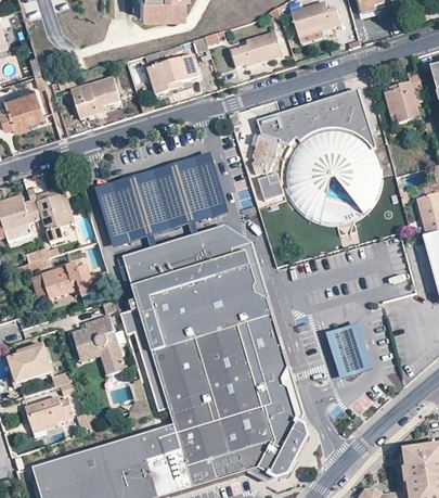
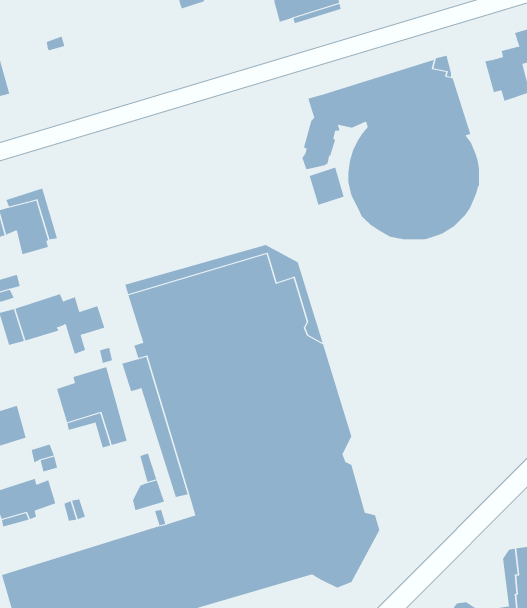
building: [149,54,196,94] -> none
building: [72,78,119,118] -> none
building: [95,155,228,251] -> none
building: [324,322,370,379] -> none

